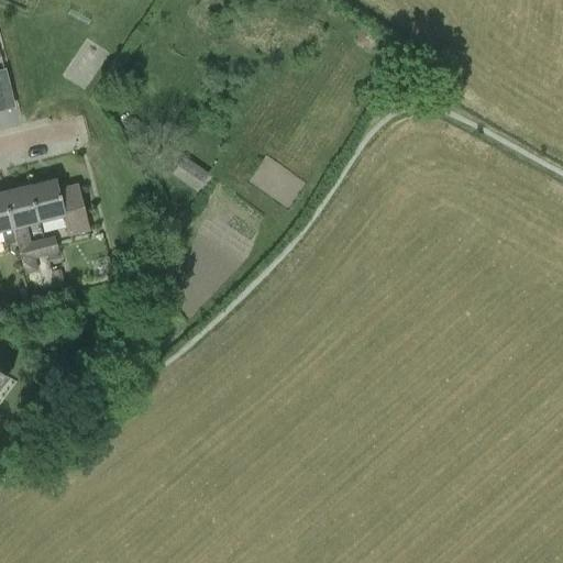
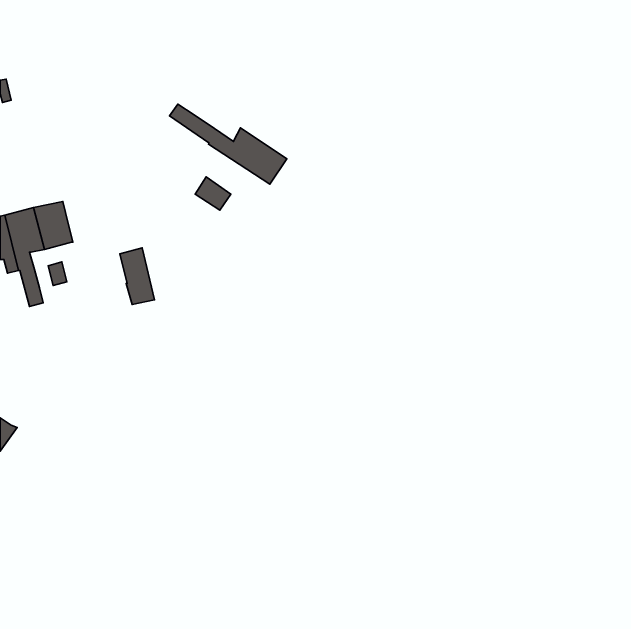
building: none -> [169,104,287,184]
building: [58,184,89,234] -> [120,248,154,305]

